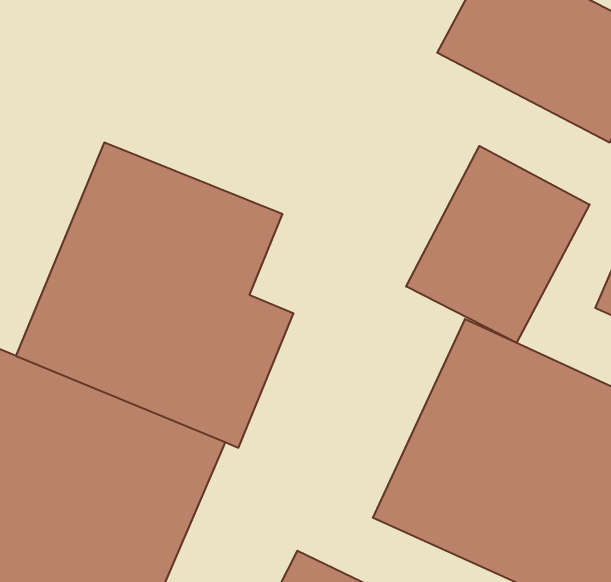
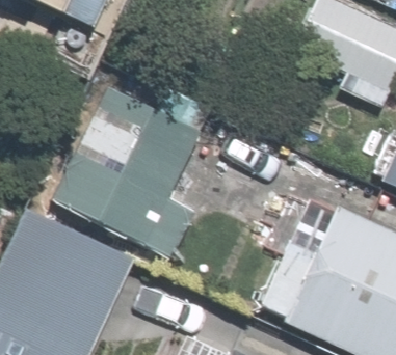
building: [406,146,590,343] -> none

